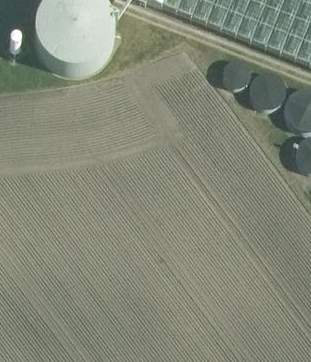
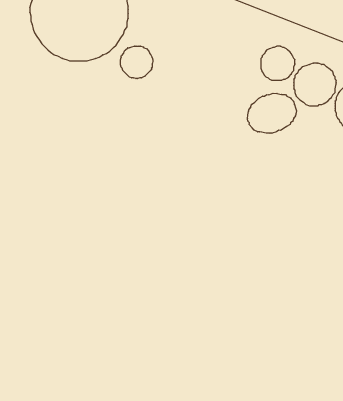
building: none -> [120,46,153,79]
building: none -> [248,93,297,133]

